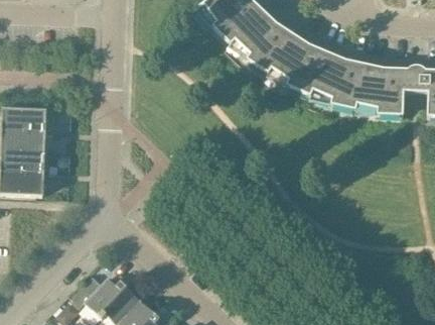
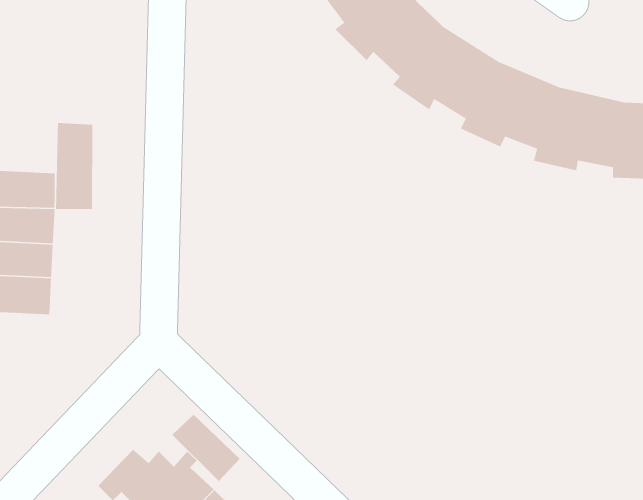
building: none -> [55,122,93,210]
building: none -> [172,414,241,482]

